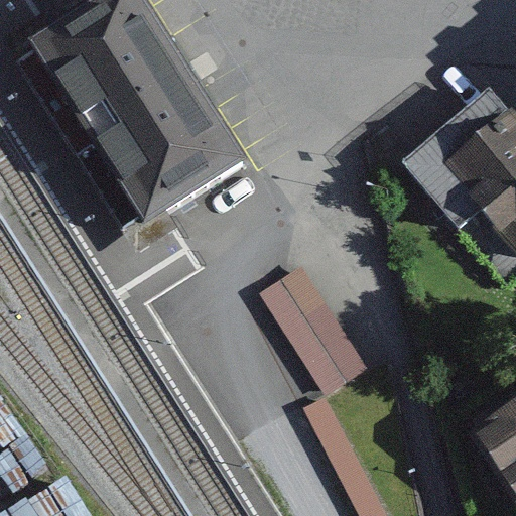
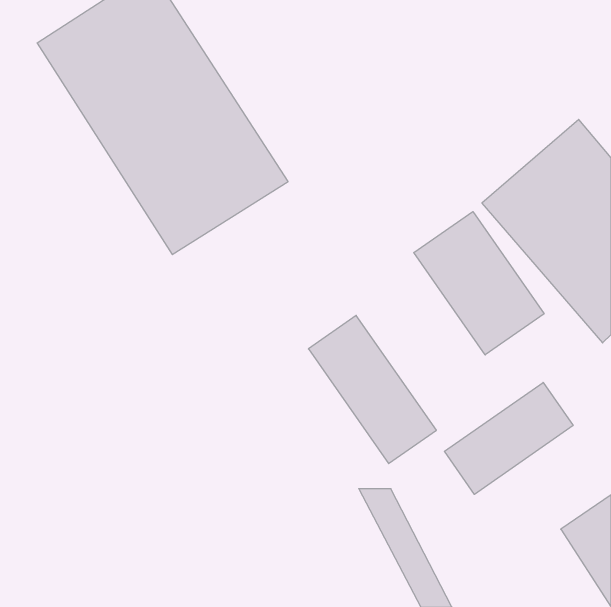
building: none -> [414,212,544,355]
building: none -> [444,382,573,494]

